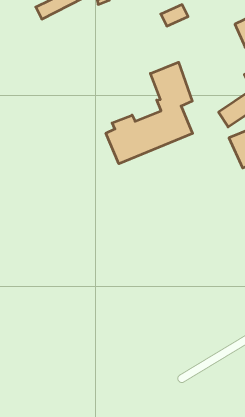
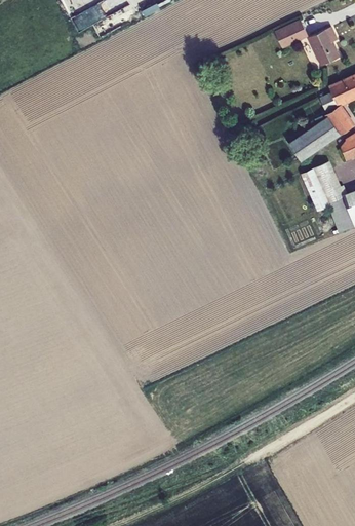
building: [161,5,188,26] -> [274,21,307,46]
building: [106,62,193,164] -> none

